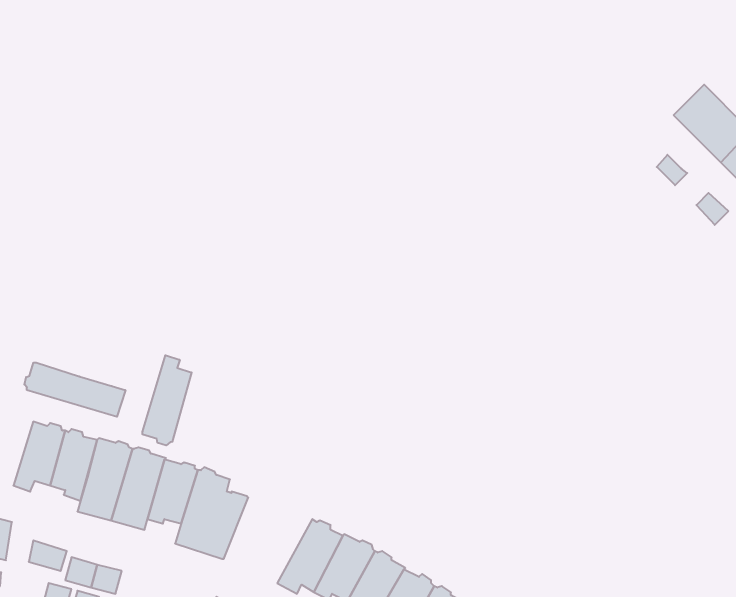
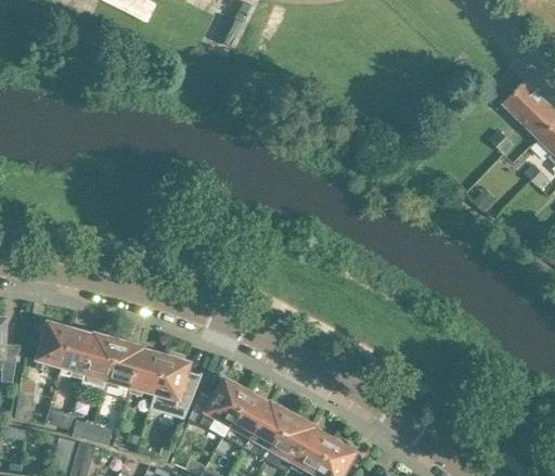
building: [142,355,192,445] -> none
building: [24,363,125,417] -> none
building: none -> [190,378,247,437]

